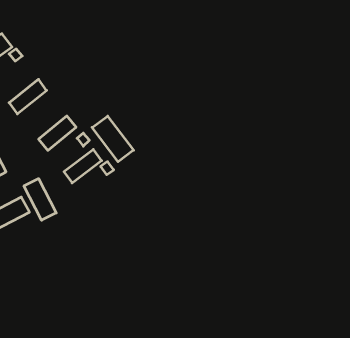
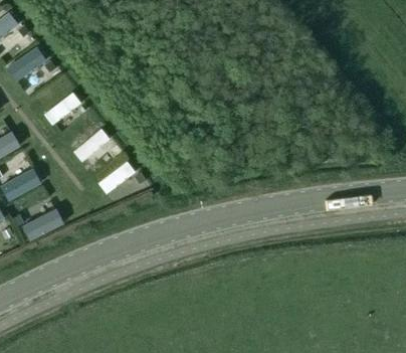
building: [92,116,134,162] -> none
building: [24,179,56,220] -> none

